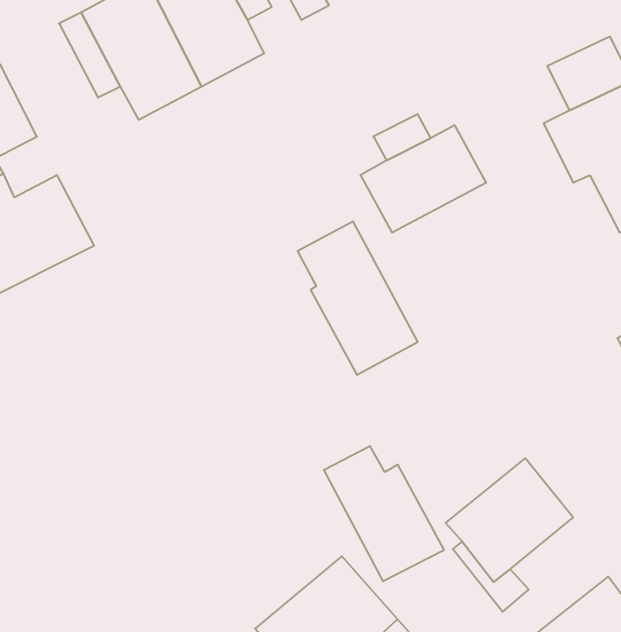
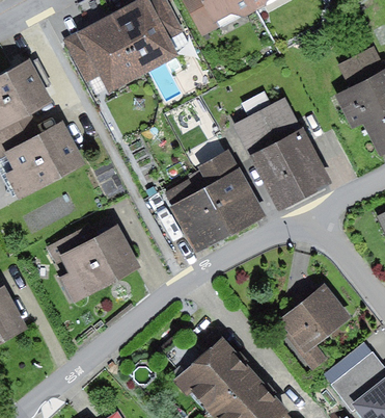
building: none -> [250,128,332,211]
building: none -> [46,224,139,302]
building: [324,446,444,581] -> [163,178,230,254]

